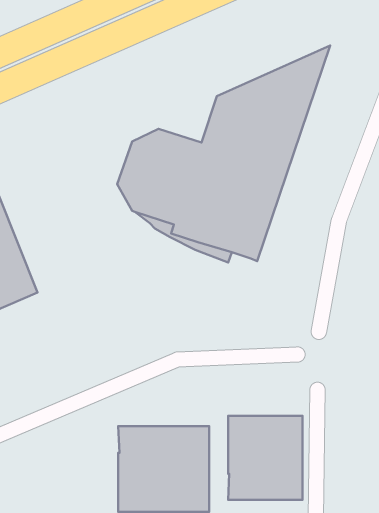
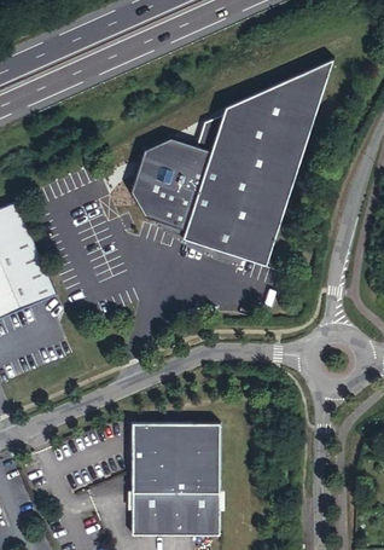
building: [228,416,302,500] -> none

